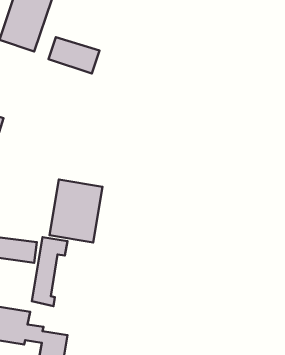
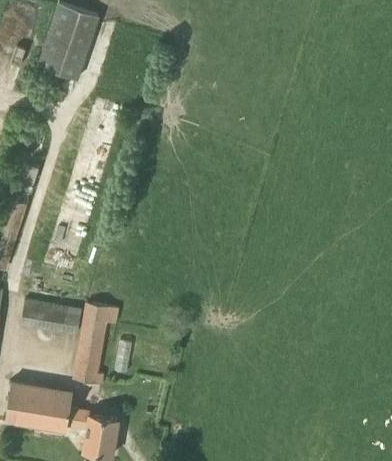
building: [48,37,100,73] -> none
building: [49,179,103,242] -> none

